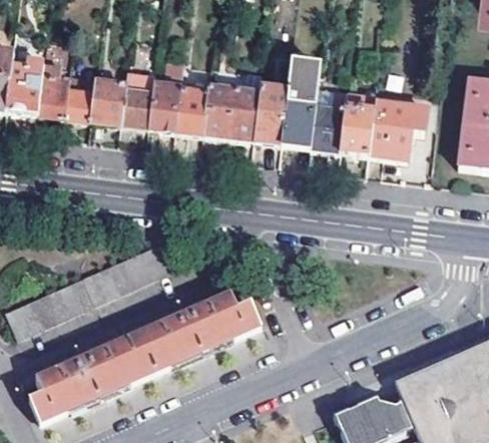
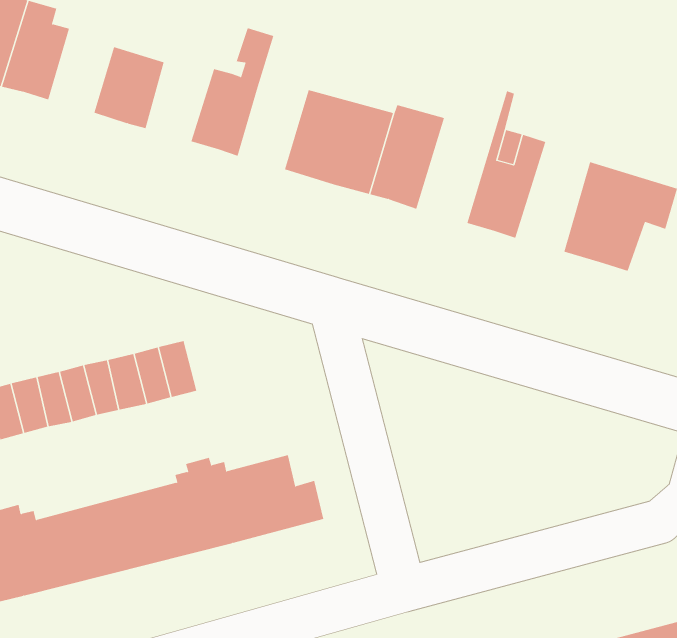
building: [281,62,320,147] -> none
building: [119,74,154,139] -> none
building: [64,75,95,120] -> none
building: [175,90,207,134] -> none
building: [339,91,374,154] -> none

